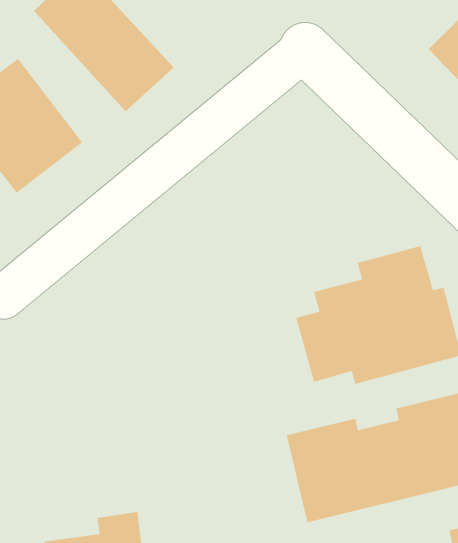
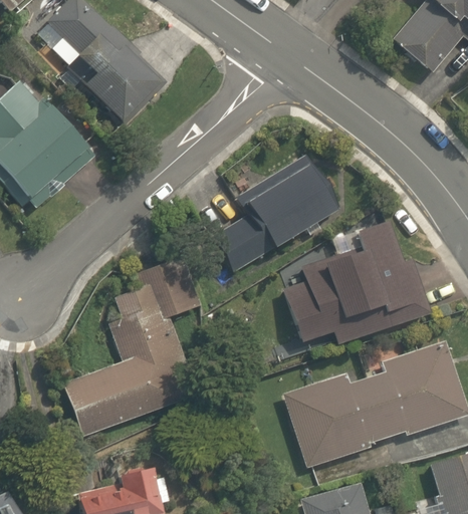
building: none -> [205,150,340,277]
building: none -> [60,259,200,438]

